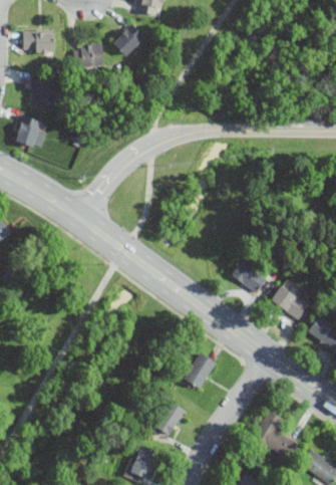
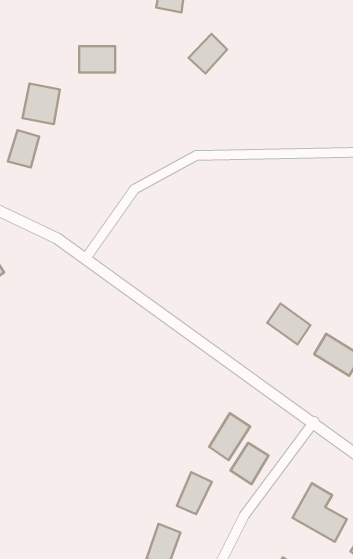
building: [112,24,144,57] -> [189,34,227,74]
building: [23,32,54,54] -> none
building: none -> [230,443,268,484]

